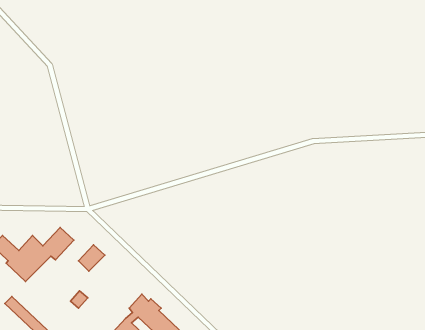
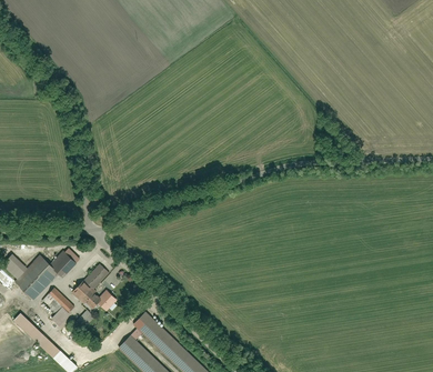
building: none -> [73,280,120,310]
building: none -> [42,289,74,326]

